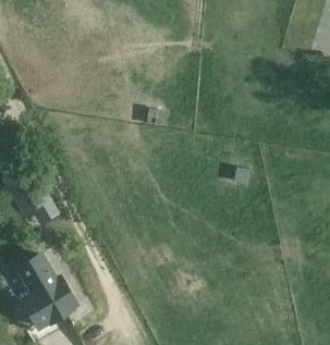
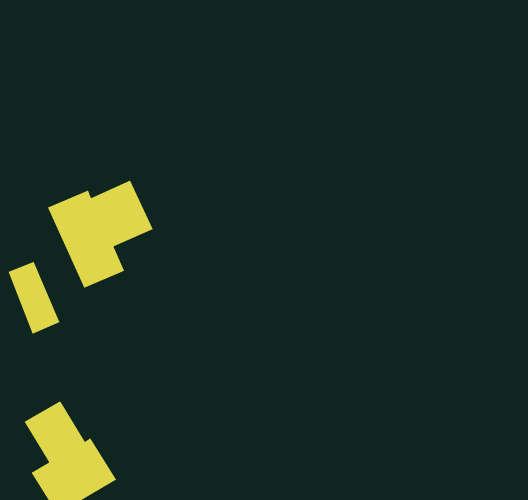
building: none -> [47,179,154,289]

